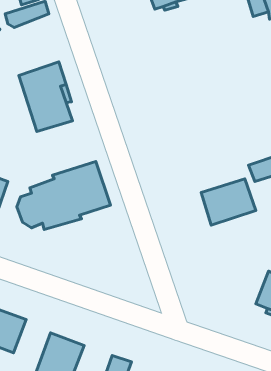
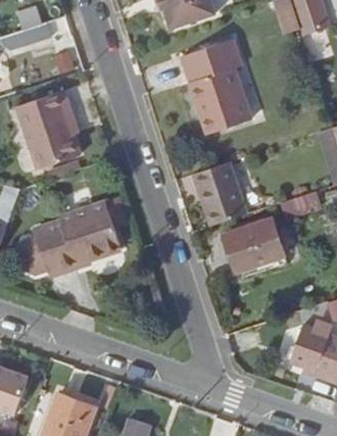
building: none -> [184,40,254,136]
building: none -> [194,160,249,223]

